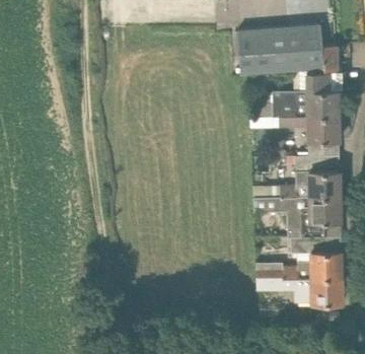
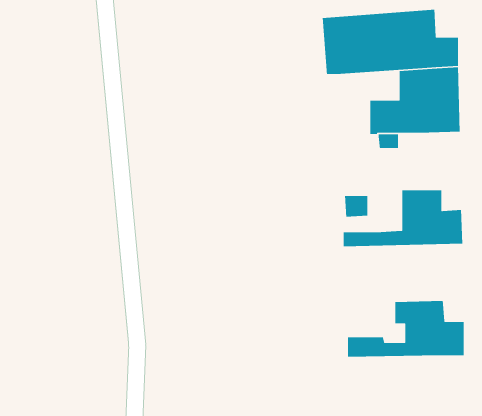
building: [308,115,340,141] -> none
building: [253,196,341,237] -> none
building: [257,277,343,303] -> none

